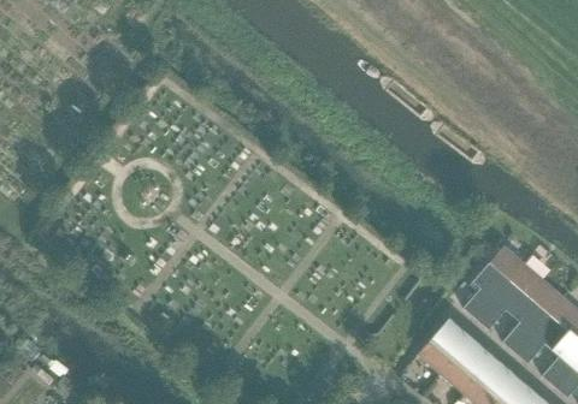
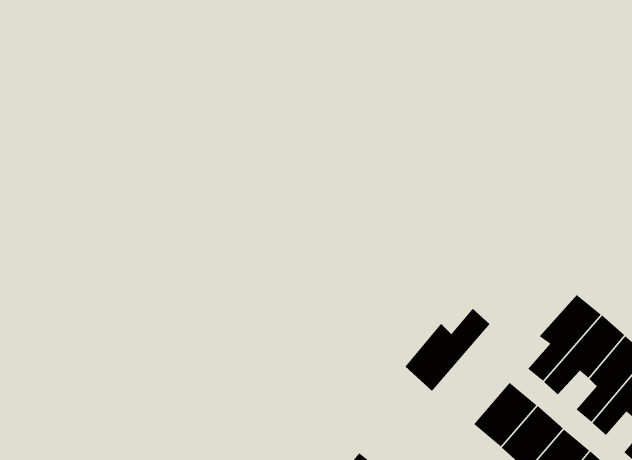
building: none -> [404,308,491,392]

